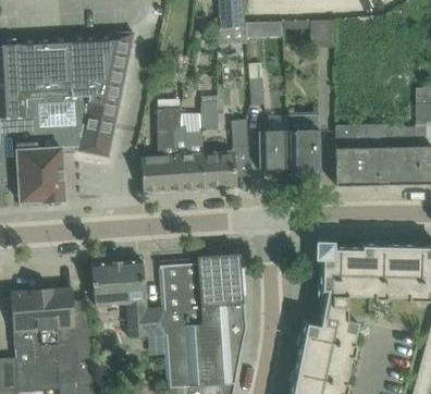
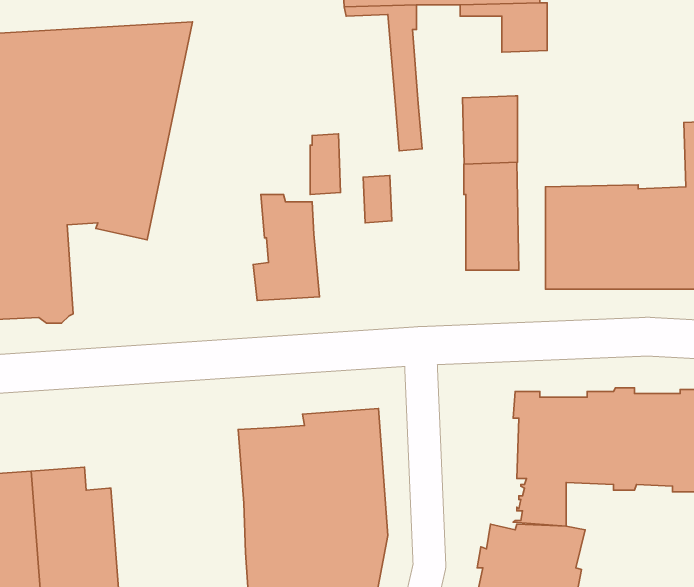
building: [139,110,180,194] -> none
building: [258,131,290,170] -> [462,96,517,164]
building: [202,151,235,189] -> none
building: [90,260,163,338] -> none

